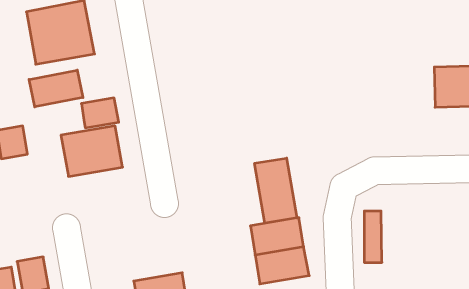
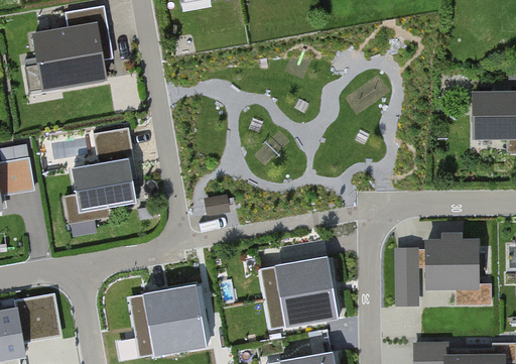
building: [29,70,83,107] -> none
building: [255,158,297,223] -> none
building: none -> [426,235,477,286]
building: none -> [142,283,200,324]

